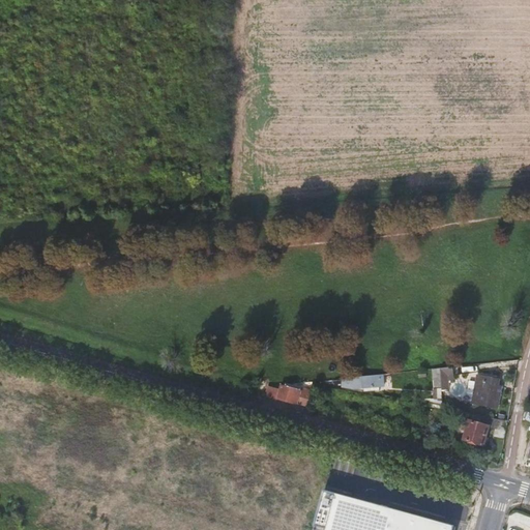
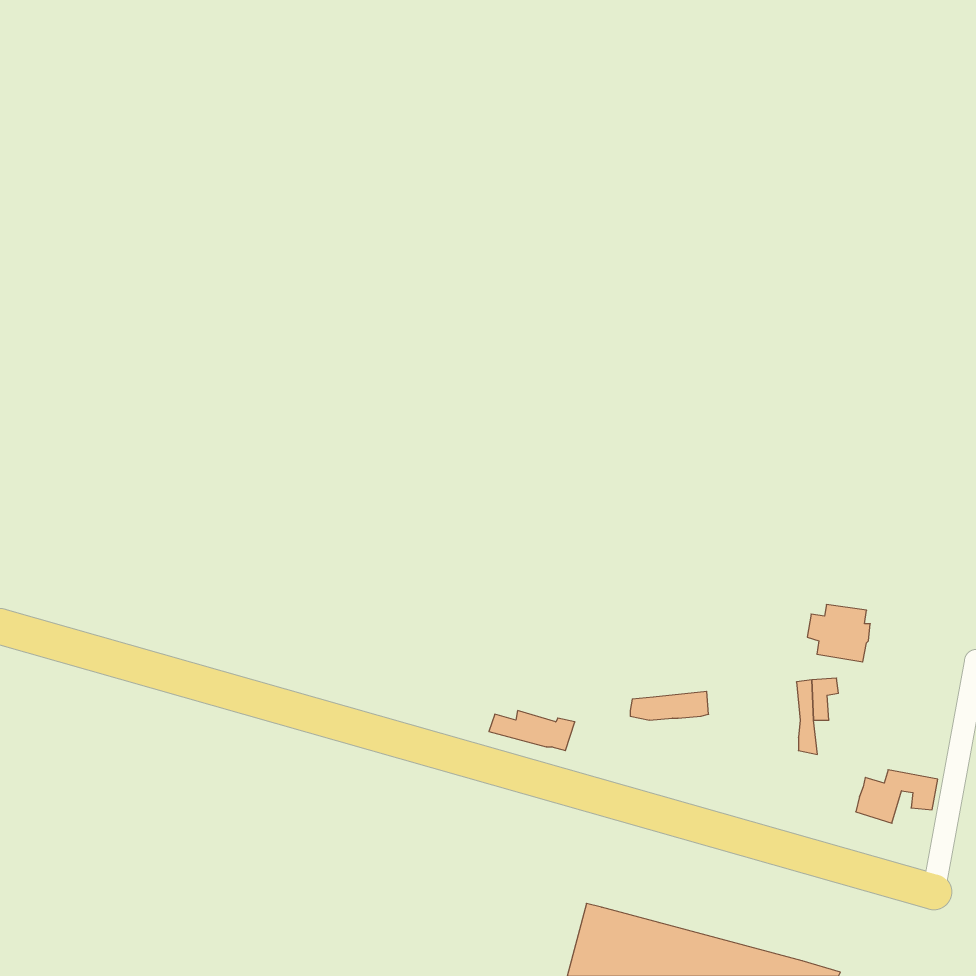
building: [467,377,501,408] -> [807,605,870,662]

